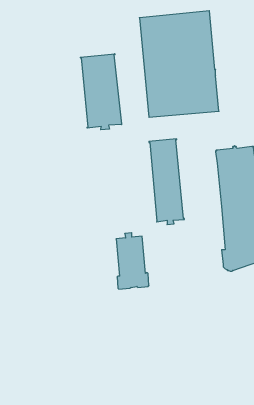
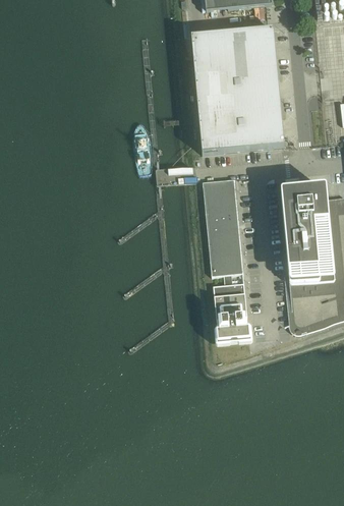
building: [80,54,122,130] -> none
building: [116,233,149,289] -> [213,274,251,340]

